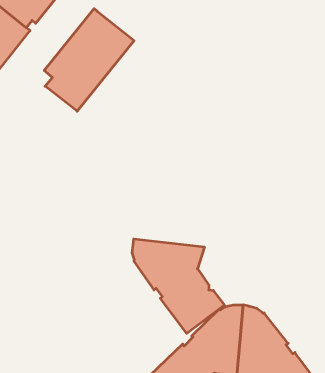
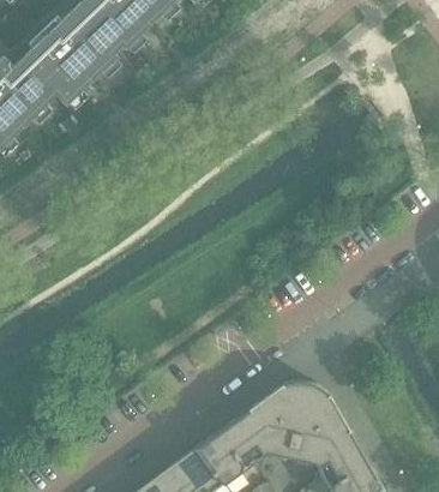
building: [44,9,134,111] -> none
building: [132,239,224,333] -> none

